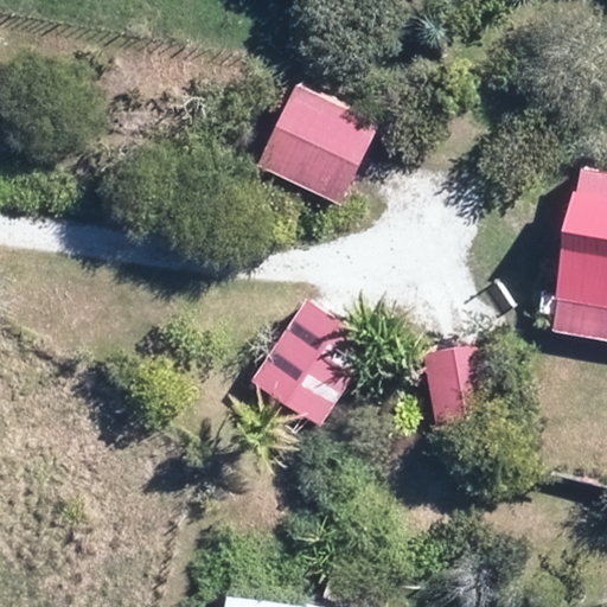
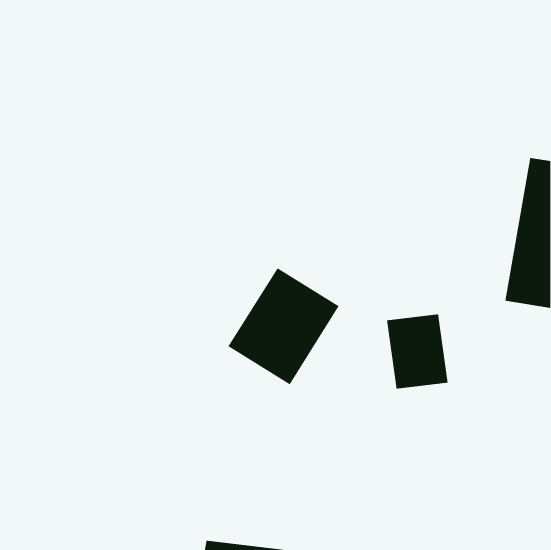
building: [255,83,381,207] -> none

